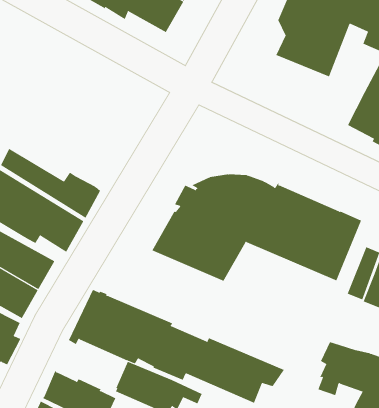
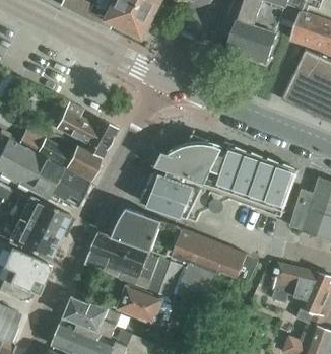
building: none -> [55,102,117,156]
building: none -> [110,209,259,282]

